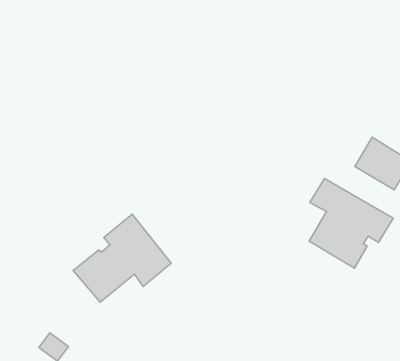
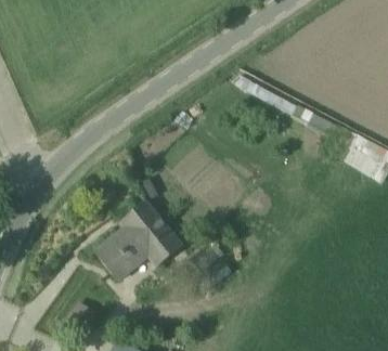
building: [309,178,393,268] -> none

